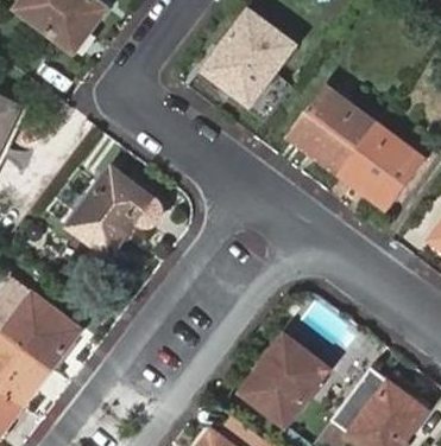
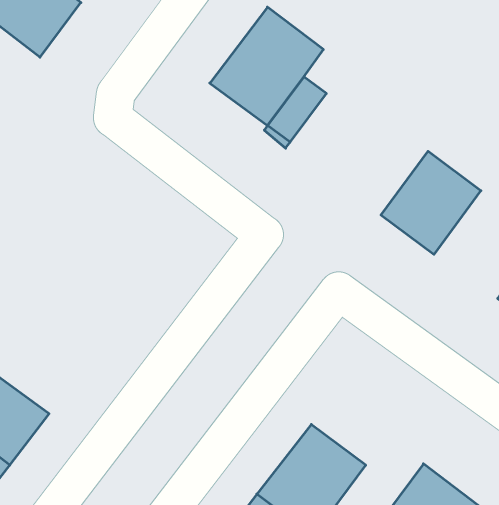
building: [292,87,376,172] -> none
building: [69,168,159,255] -> none

